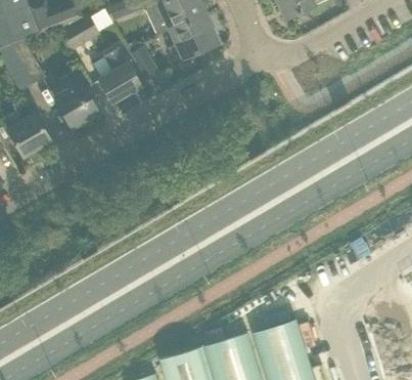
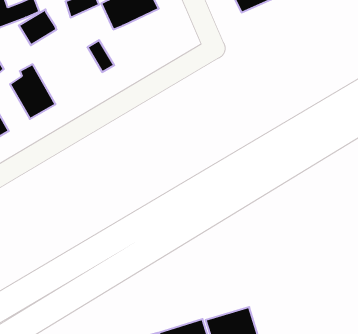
building: [166,12,216,60] -> none
building: [97,46,140,101] -> none

